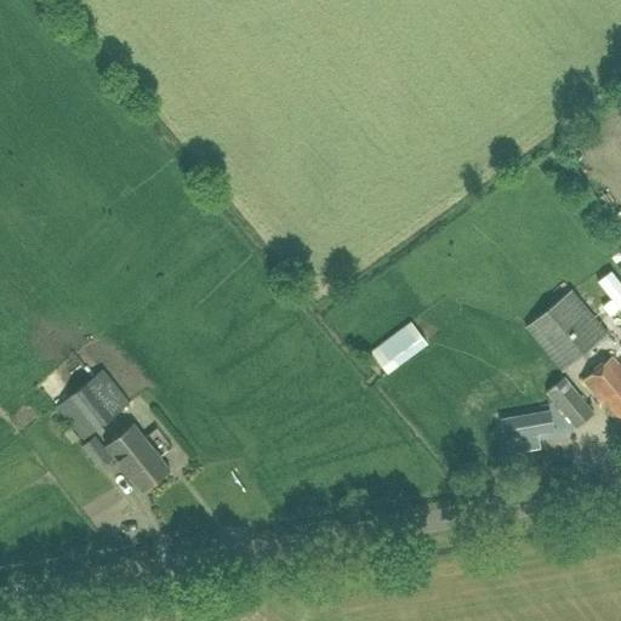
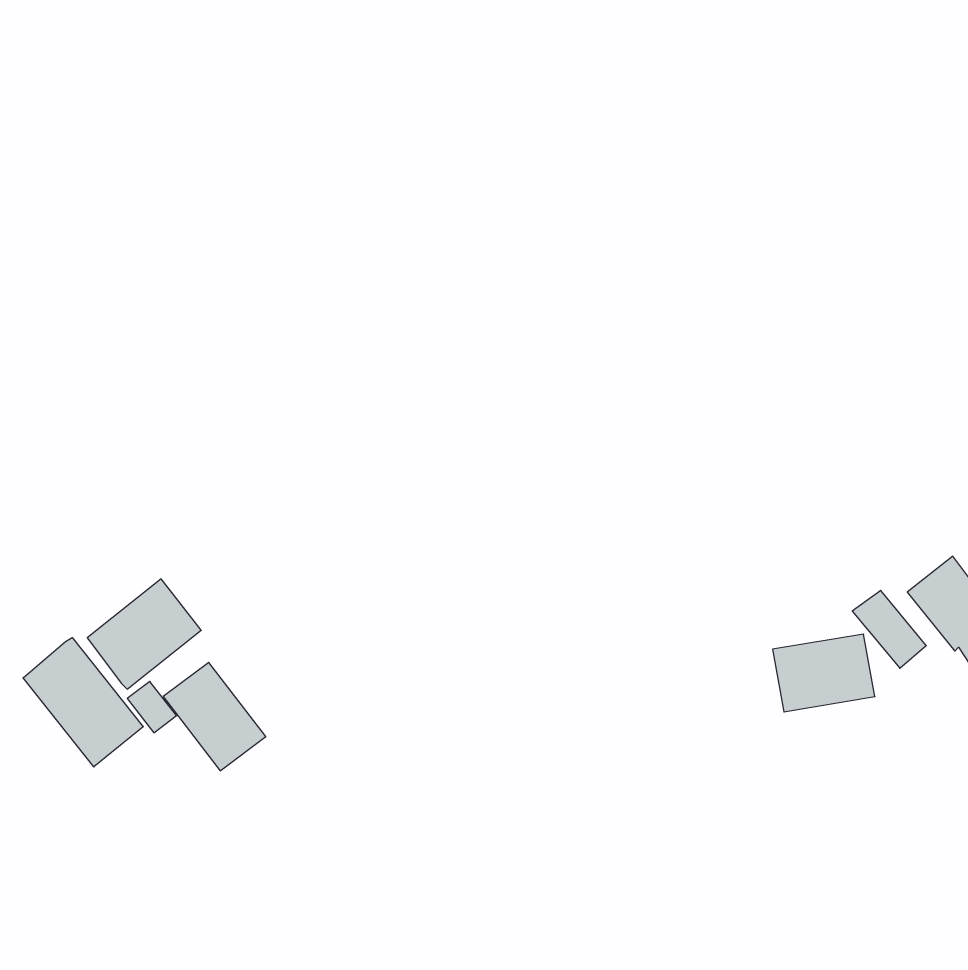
building: [525,290,609,372] -> none
building: [371,324,427,374] -> none
building: none -> [23,638,143,767]

